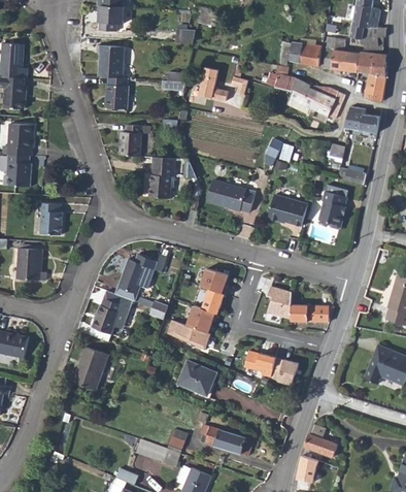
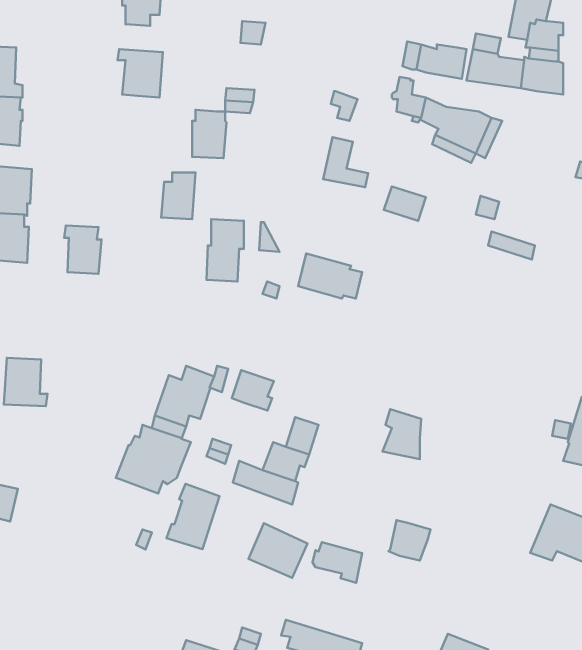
building: [200,66,230,99] -> [323,137,368,187]
building: [366,74,386,101] -> none
building: [103,77,126,109] -> [192,110,227,158]
building: [346,100,379,127] -> none
building: [323,191,349,229] -> none
building: [268,196,308,227] -> none
building: [38,205,63,237] -> [64,225,102,274]
building: [201,268,229,295] -> [232,370,274,411]
building: [292,304,329,323] -> none
building: [72,348,107,391] -> [167,484,220,549]
building: [243,351,276,378] -> [312,542,362,583]

